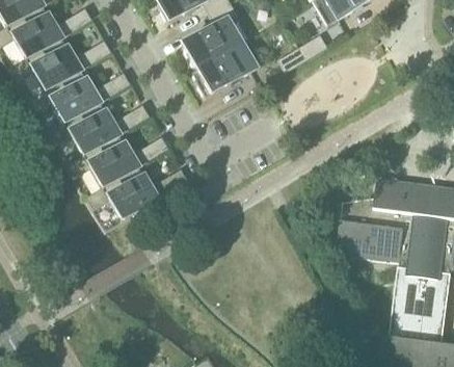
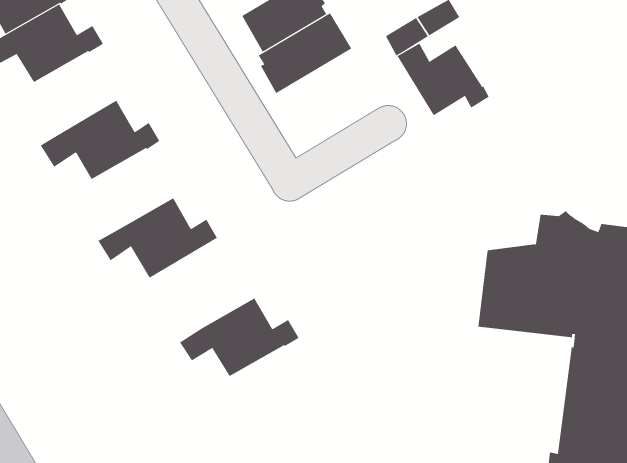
building: none -> [397,43,489,116]
building: [29,67,109,120] -> none
building: [68,131,148,184] -> [179,297,299,377]

